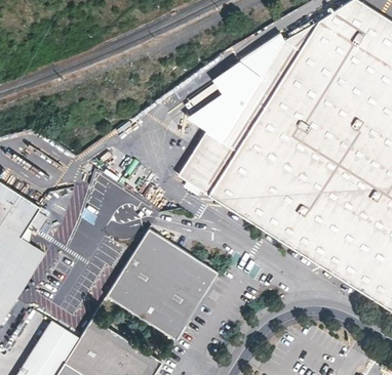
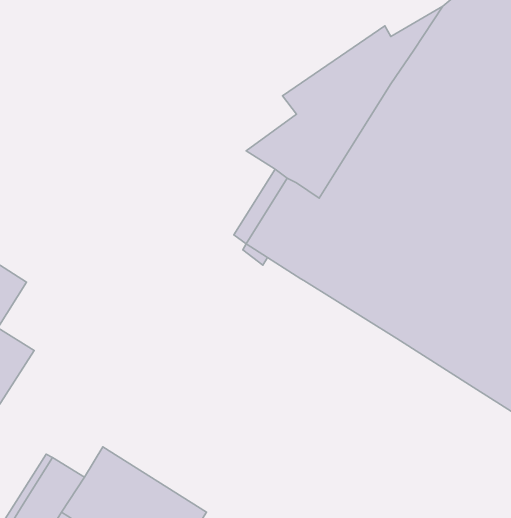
building: [106,228,218,340] -> none

